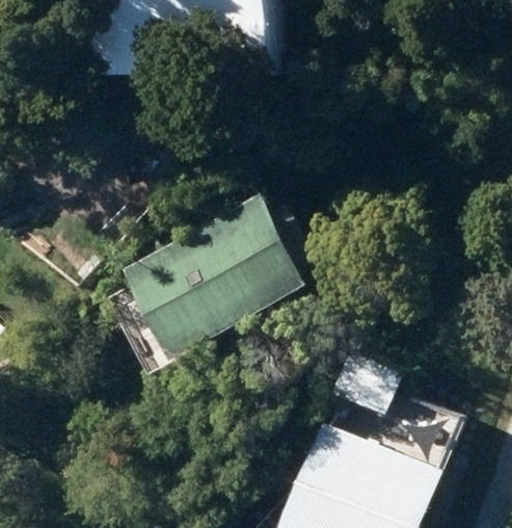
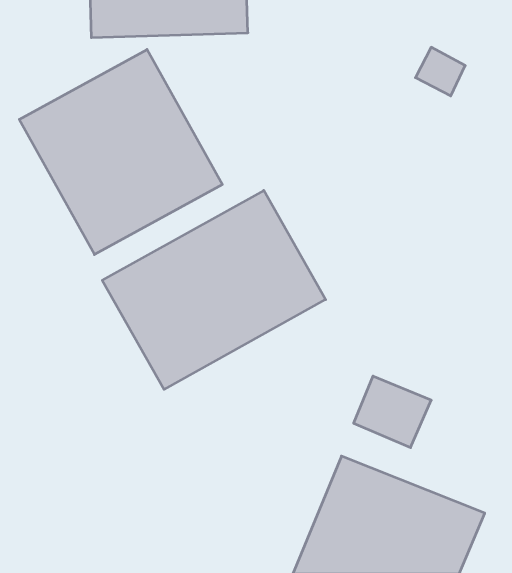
building: none -> [19,49,222,255]

